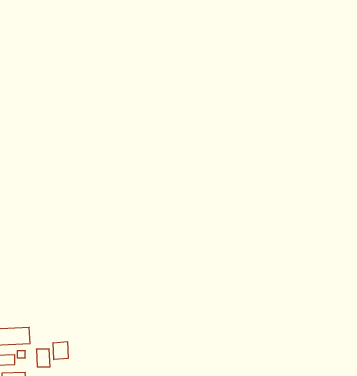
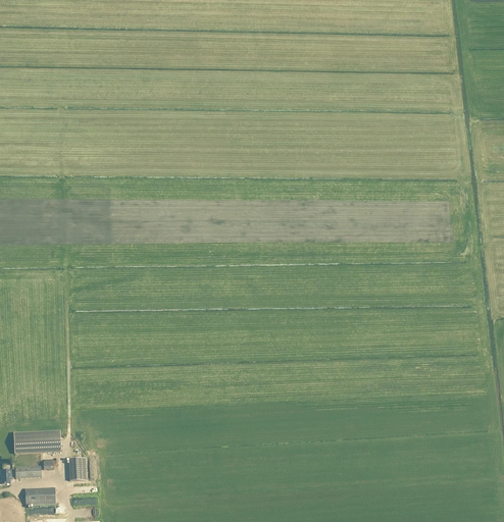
building: [53,342,68,360] -> none

